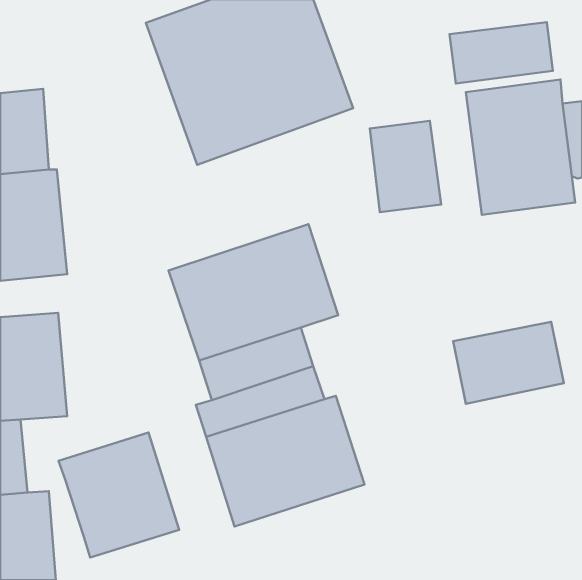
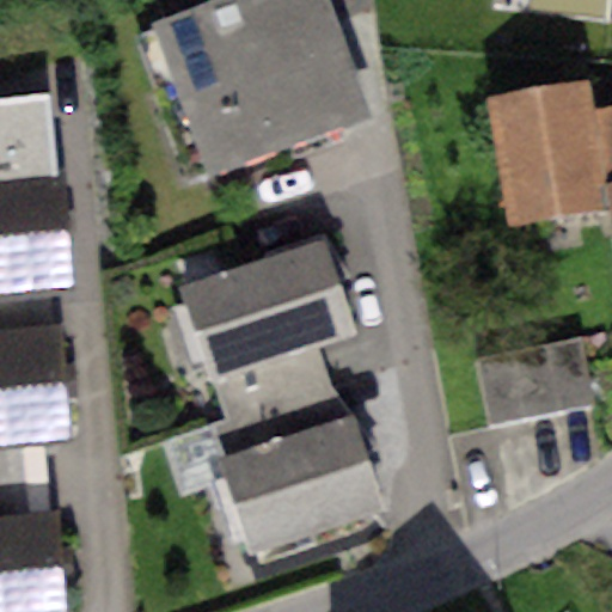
building: [449,22,553,84] -> none
building: [370,121,441,212] -> none
building: [58,433,179,558] -> none

